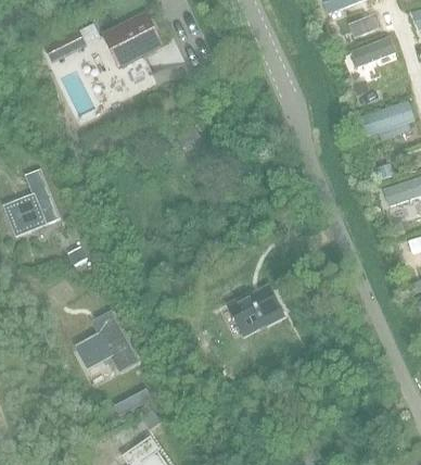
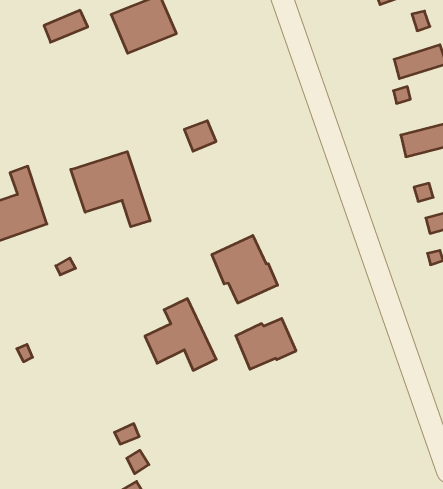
building: none -> [71,152,150,227]
building: none -> [212,235,278,303]
building: [76,310,139,372] -> [145,299,216,370]

